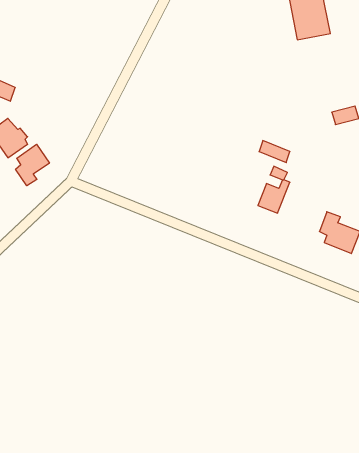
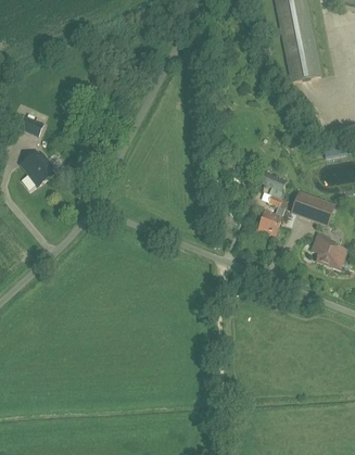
building: [16,144,49,186] -> none
building: none -> [292,191,334,224]

